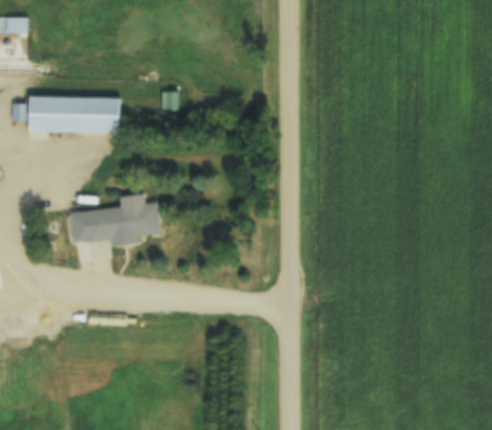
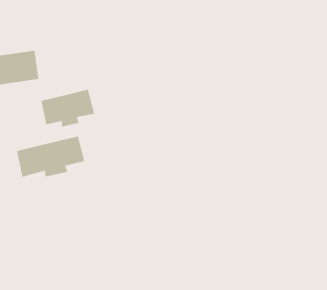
building: none -> [40,89,95,128]

